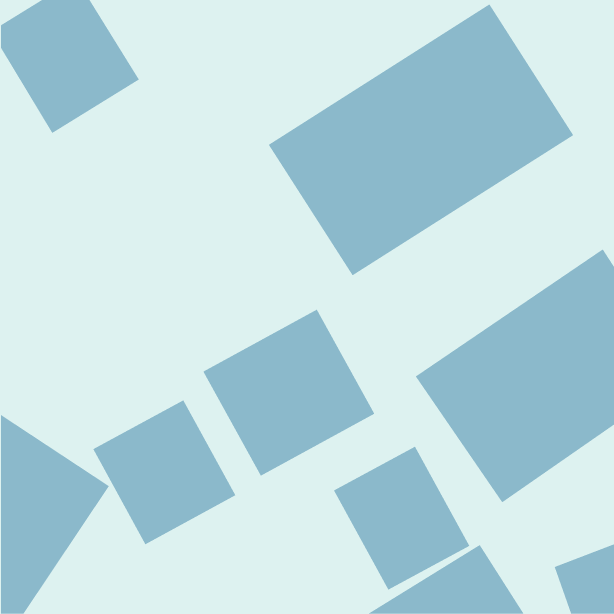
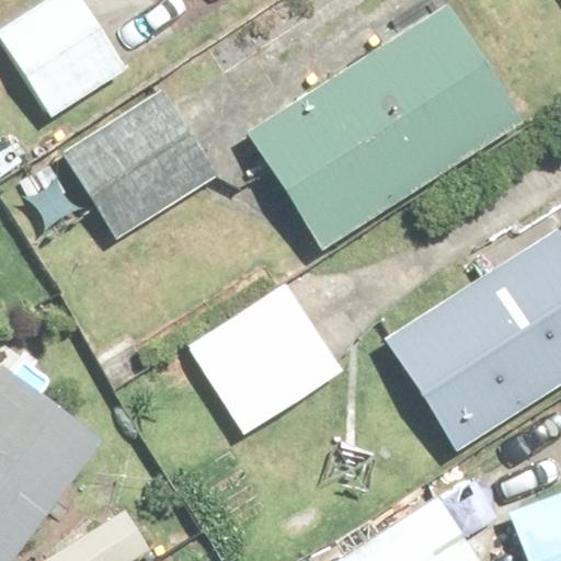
building: none -> [61,88,217,236]
building: [92,399,236,545] -> none
building: [333,446,470,591] -> none

